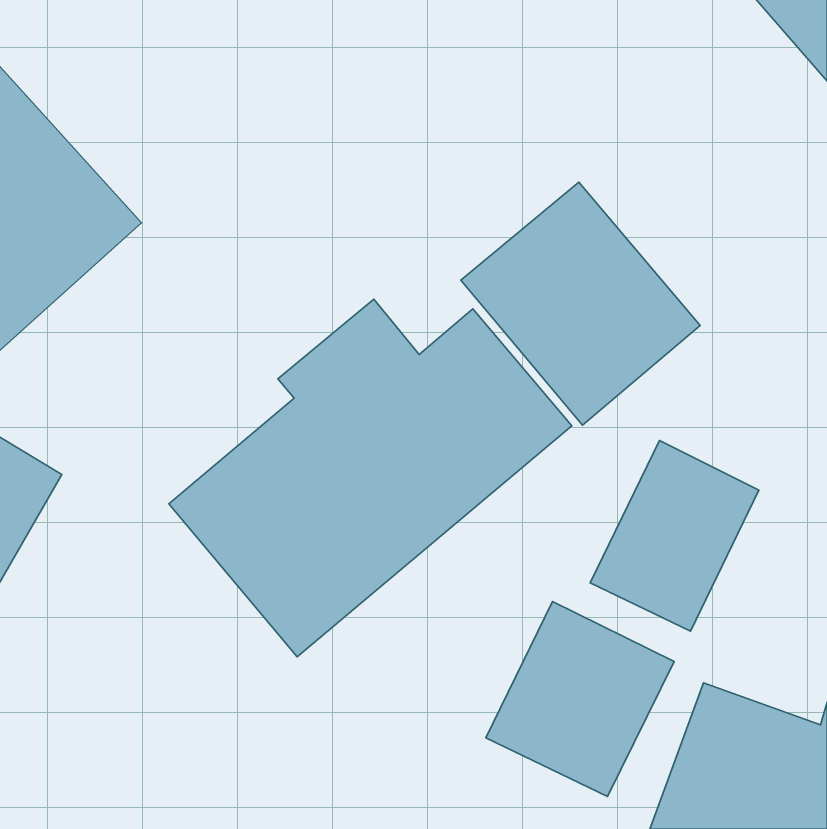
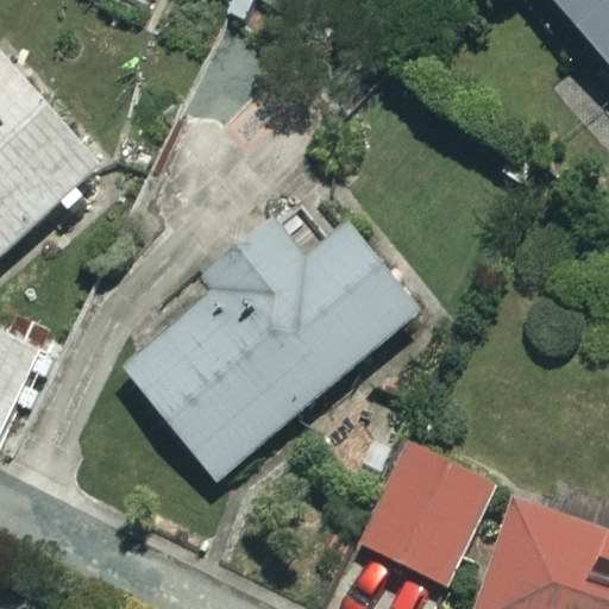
building: [461,182,700,425] -> none
building: [590,441,759,631] -> none

